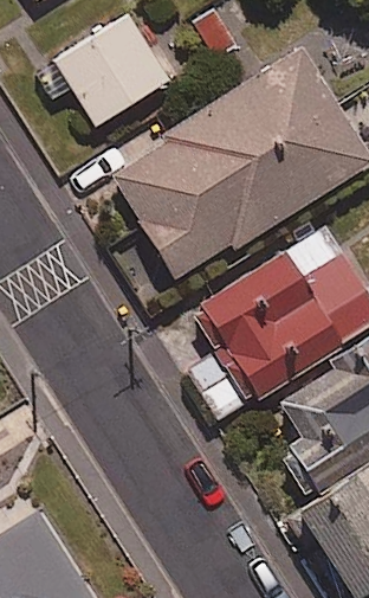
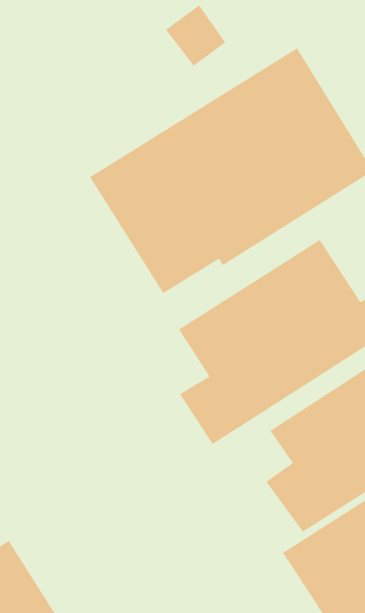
building: [35,15,169,128] -> none

